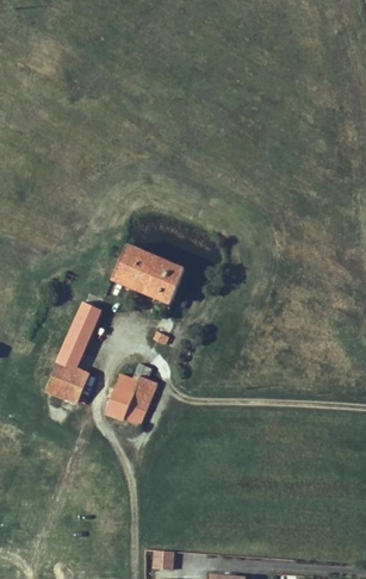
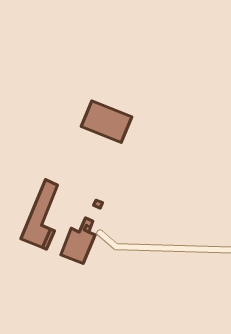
building: [108,247,184,309] -> [81,101,132,142]

